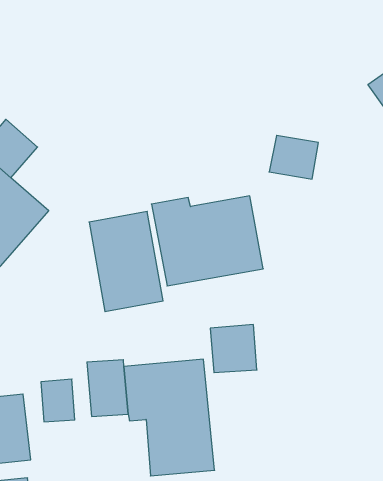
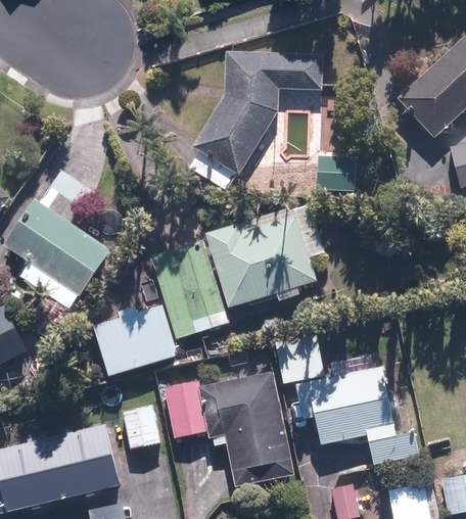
building: none -> [192,52,321,176]
building: none -> [94,304,178,376]
building: none -> [296,367,420,465]

